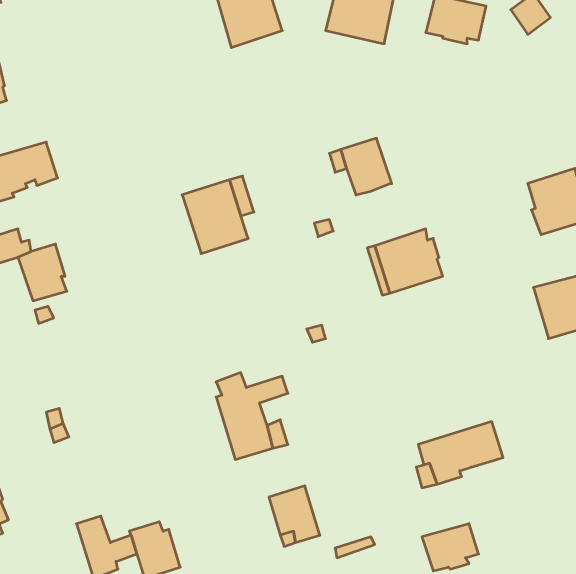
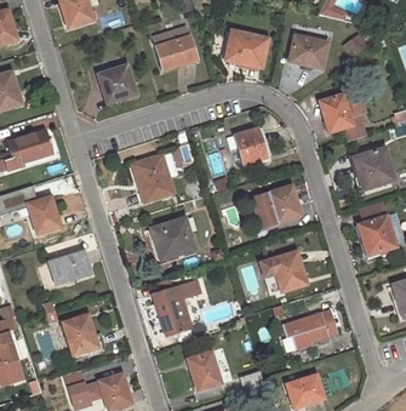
building: none -> [98,64,137,102]
building: none -> [321,90,365,141]
building: none -> [150,217,195,259]
building: none -> [259,251,307,291]
building: none -> [48,252,90,284]
building: none -> [62,314,97,354]

